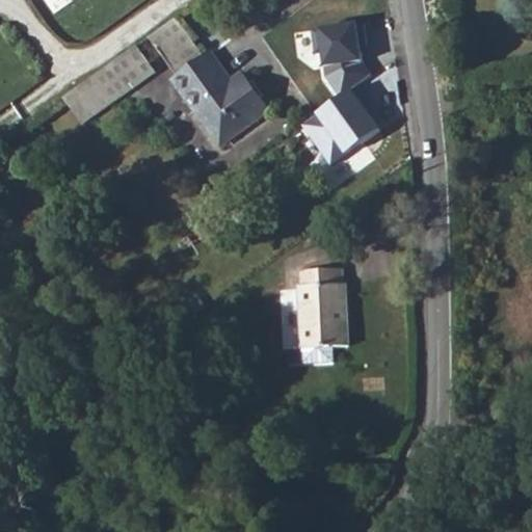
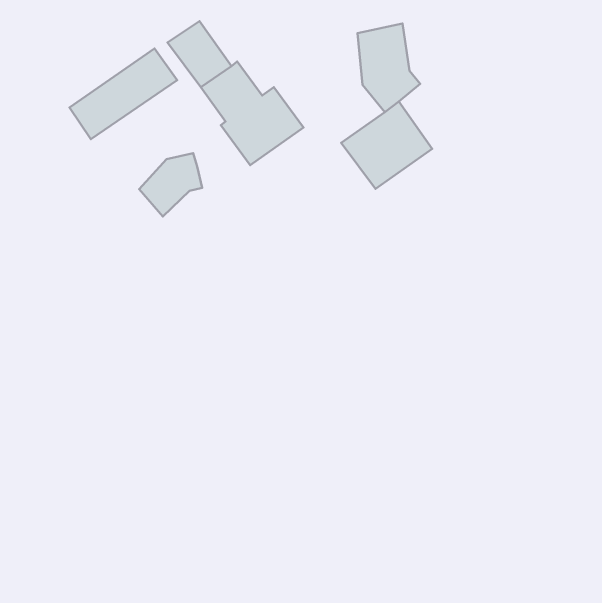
building: none -> [139,153,202,217]
building: [295,256,344,353] -> none

